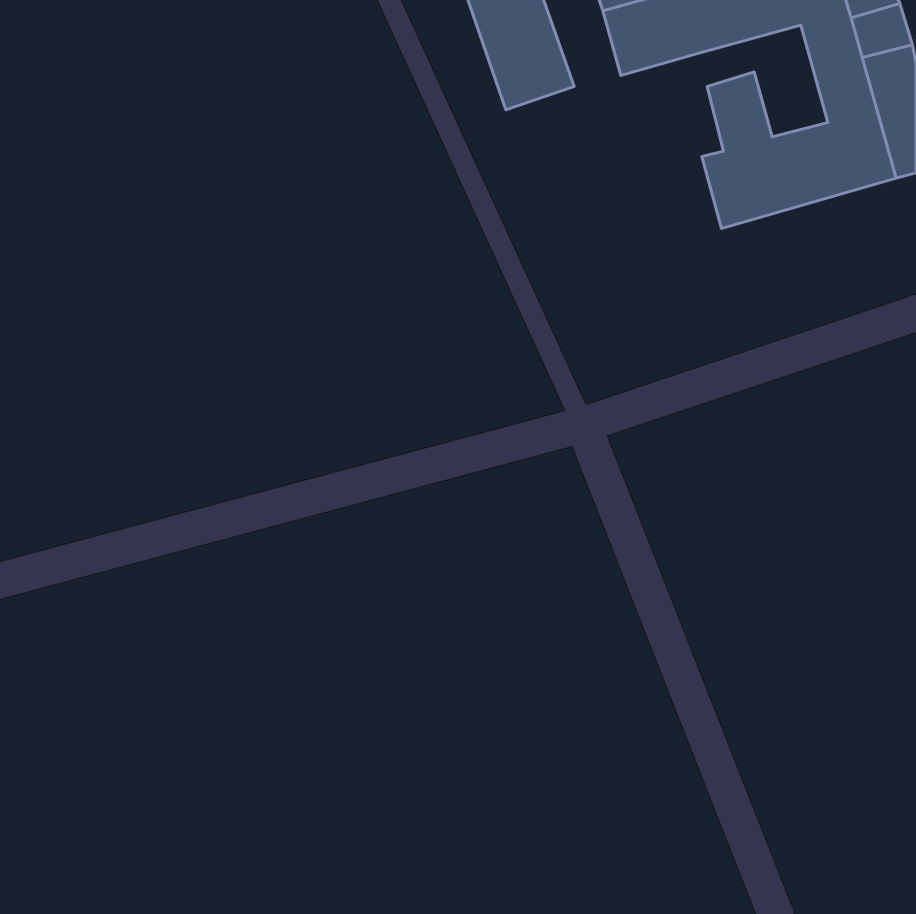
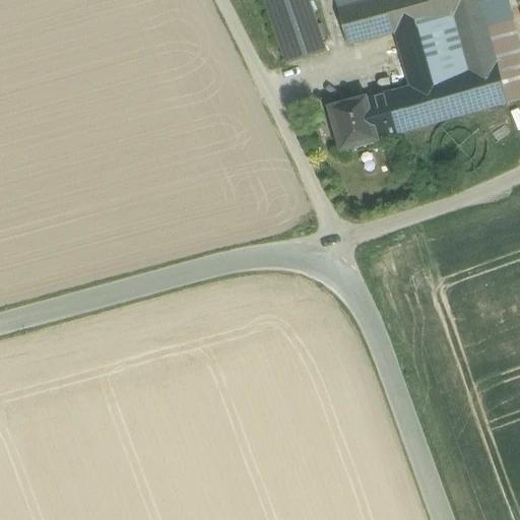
building: none -> [393,14,467,77]
building: none -> [328,88,407,149]

